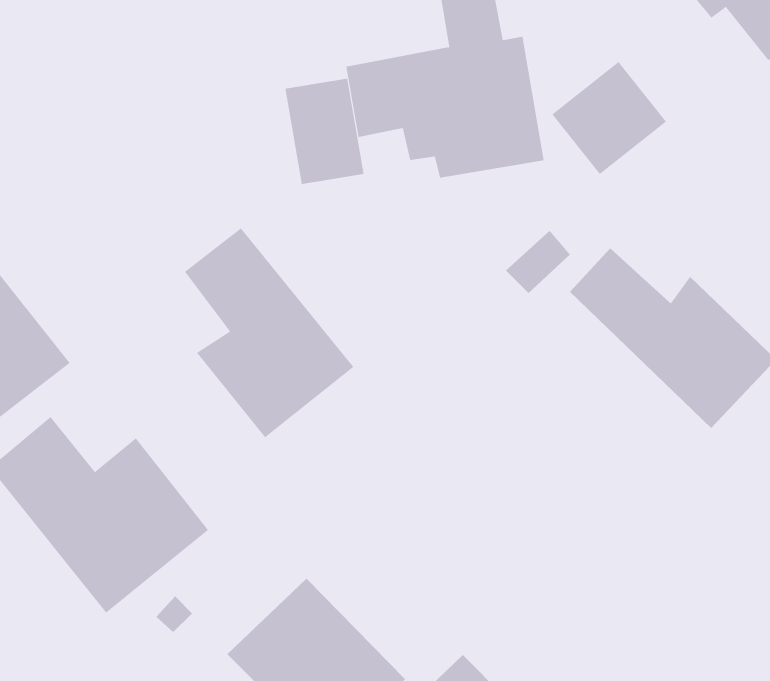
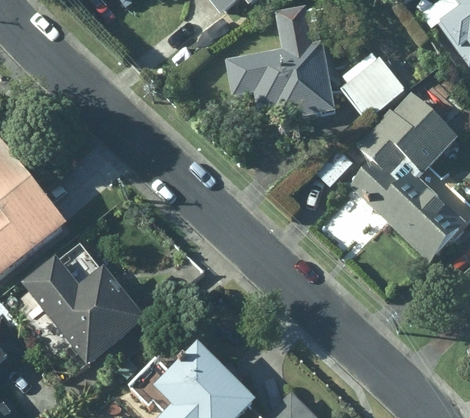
building: [285,78,364,185] -> none
building: none -> [355,89,457,190]
building: [184,227,354,438] -> none

